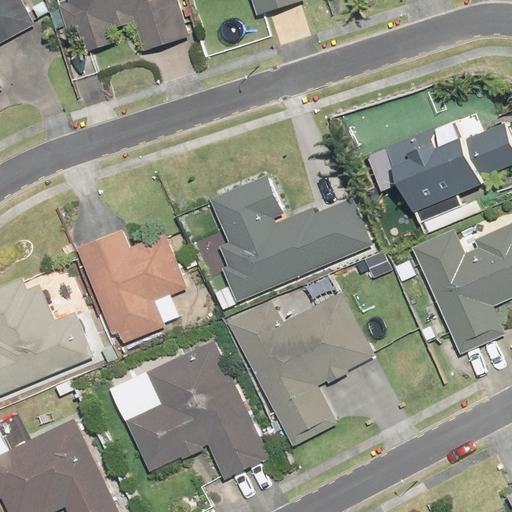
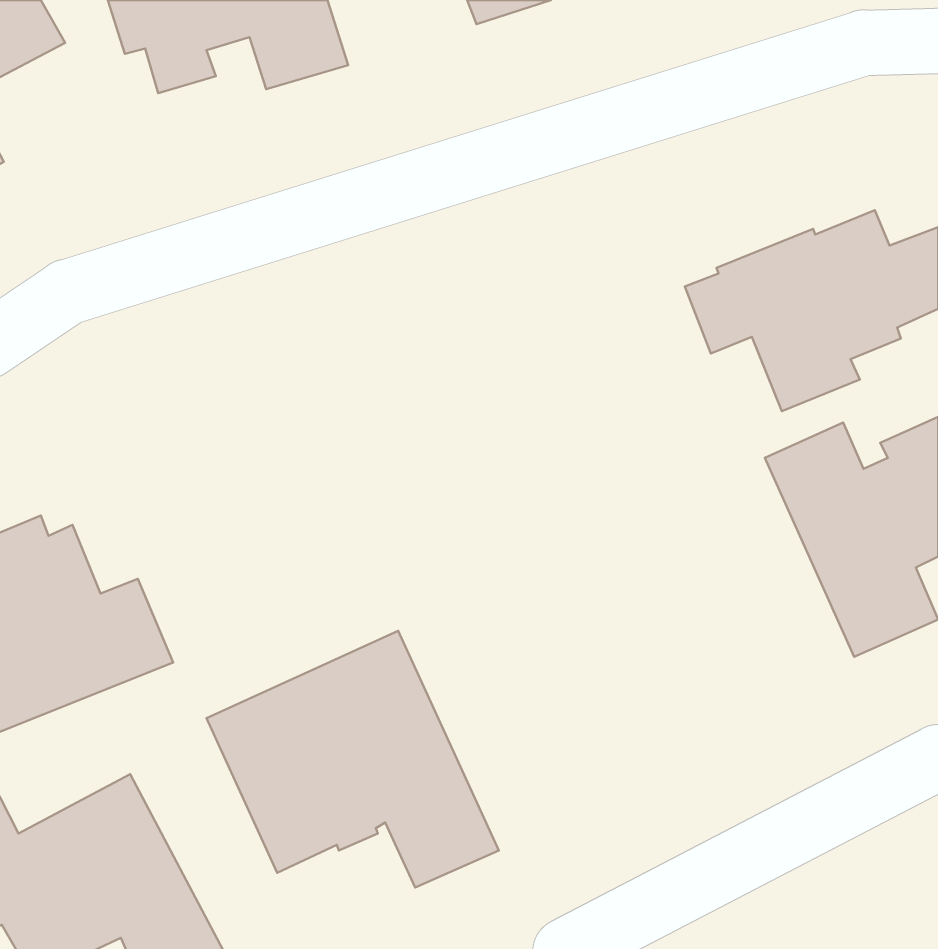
building: [210,174,371,301] -> none
building: [77,228,187,342] -> none
building: [229,291,374,446] -> none

